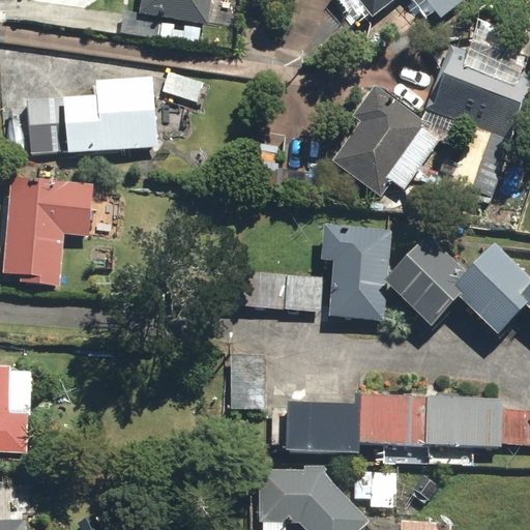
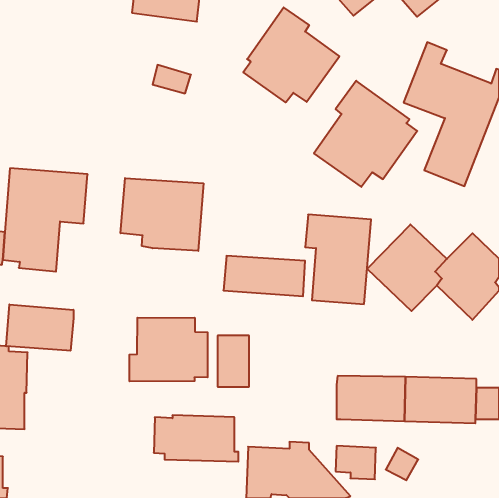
building: none -> [243,7,339,102]
building: [24,77,158,153] -> none
building: none -> [121,178,203,251]
building: none -> [6,304,74,351]
building: none -> [129,318,208,381]
building: [269,403,358,451] -> [154,415,238,462]

